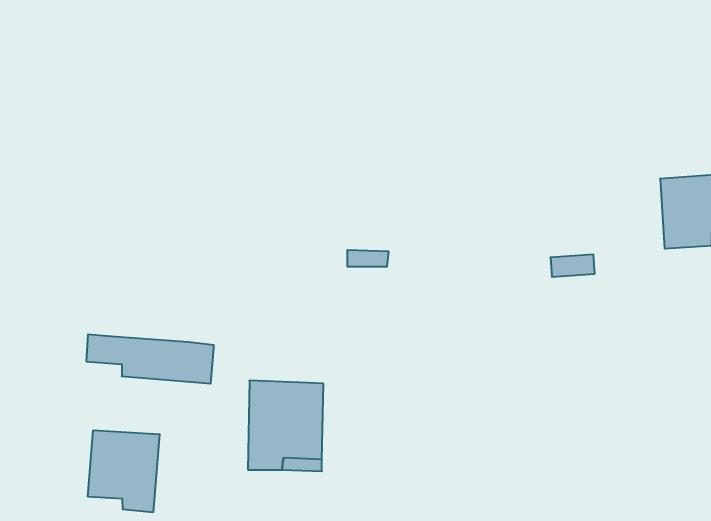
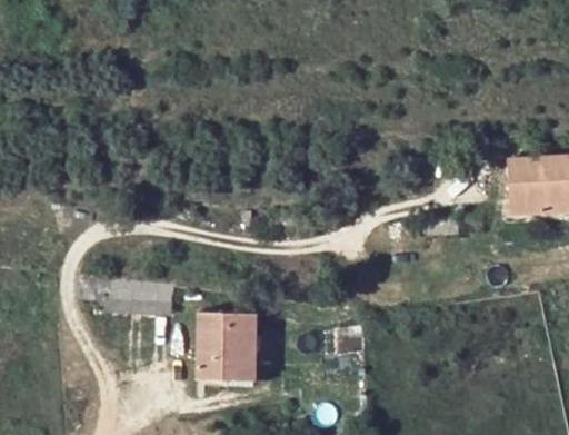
building: [88,430,160,512] -> none

